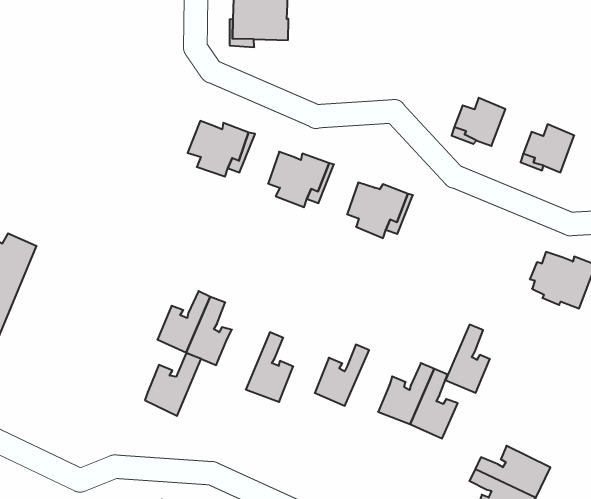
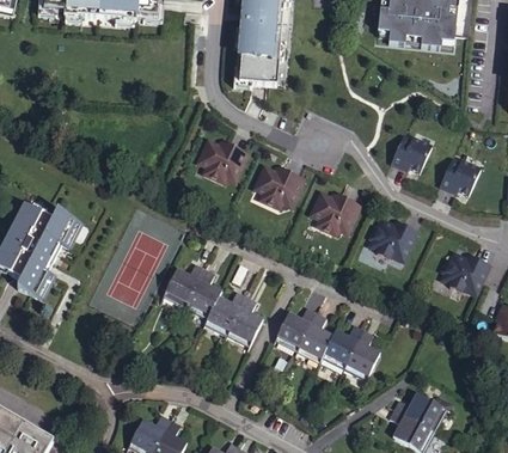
building: none -> [368,218,416,261]
building: [446,325,490,393] -> [299,314,332,365]
building: [145,353,201,416] -> [204,292,247,337]

